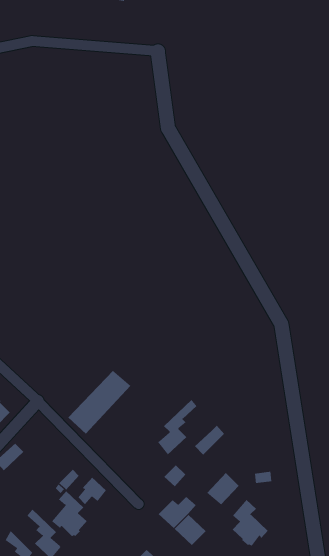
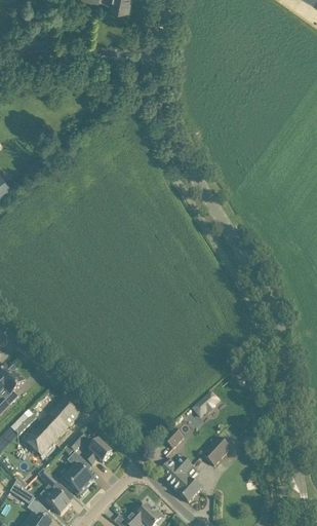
building: [68,370,131,435] -> [24,401,81,459]
building: [157,399,197,455] -> none
building: [232,499,269,546] -> none

